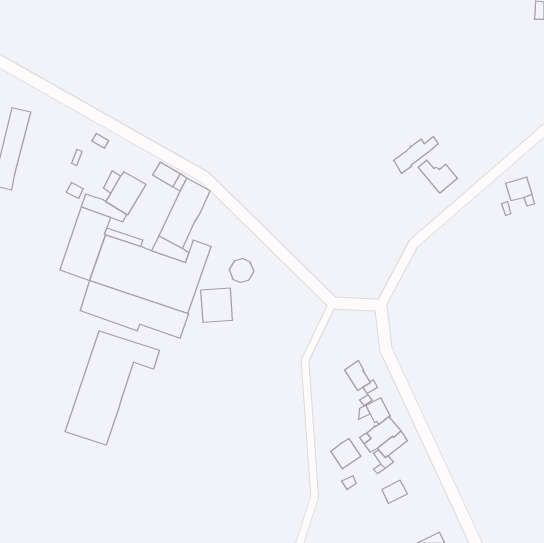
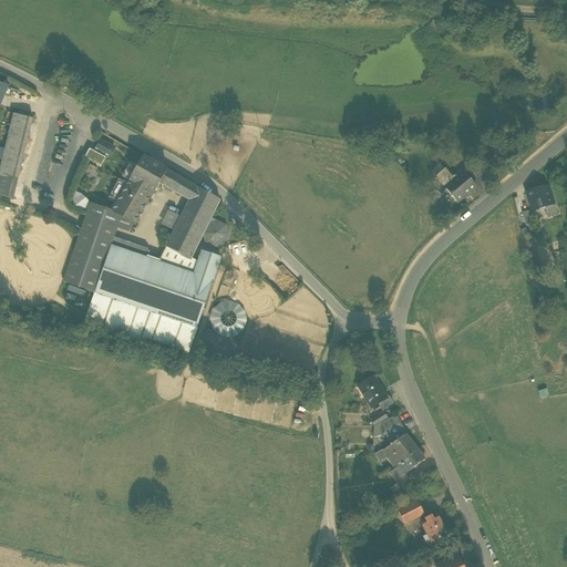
building: [393,137,438,174] -> none
building: none -> [128,155,166,192]
building: [229,259,254,282] -> [202,220,227,245]
building: [65,331,159,445] -> none
building: [331,439,361,469] -> none
building: none -> [420,515,446,545]

